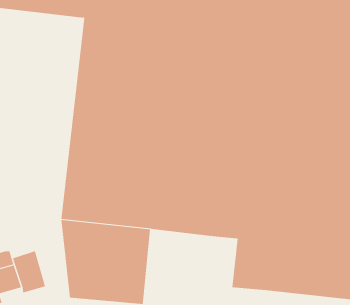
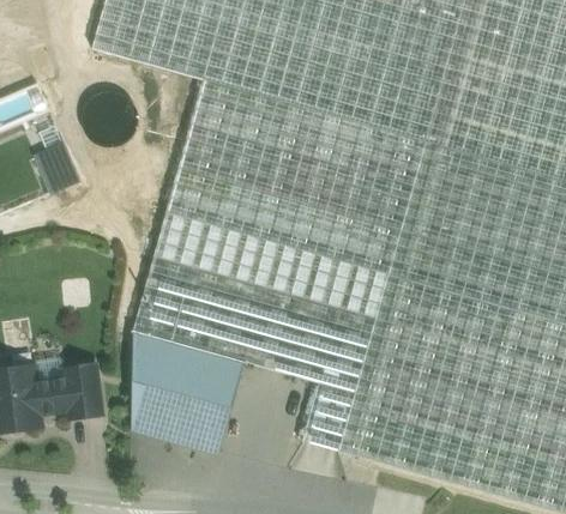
building: none -> [307,383,355,453]

